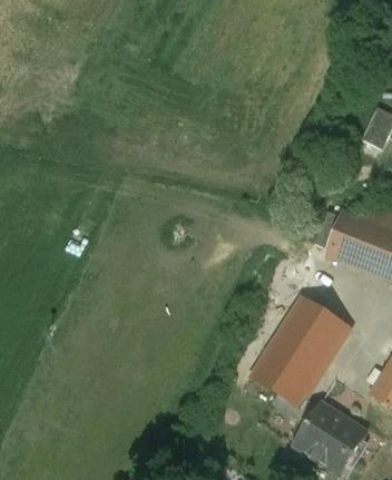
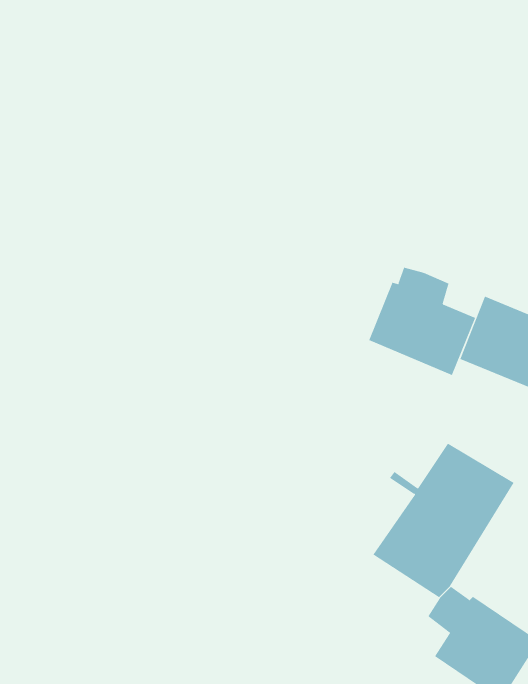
building: none -> [368,267,476,376]

